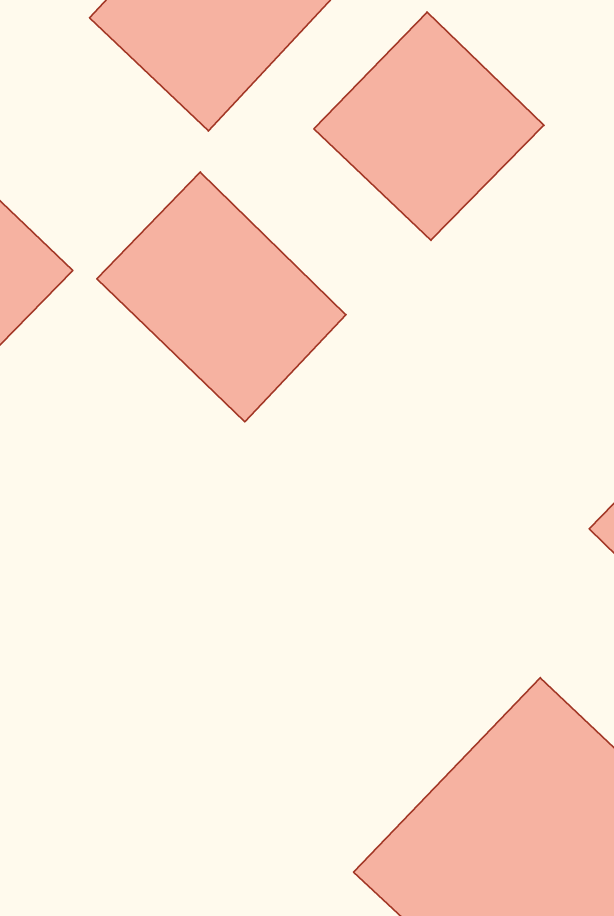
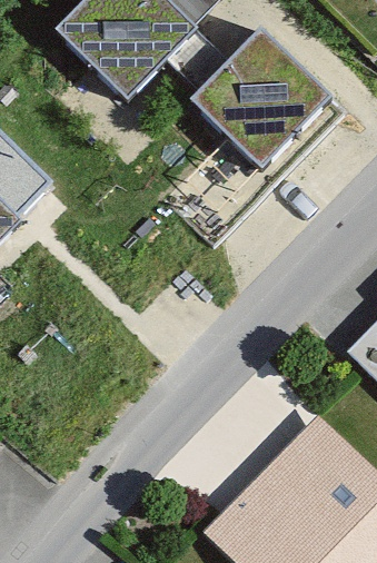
building: [97,172,346,422] -> none

